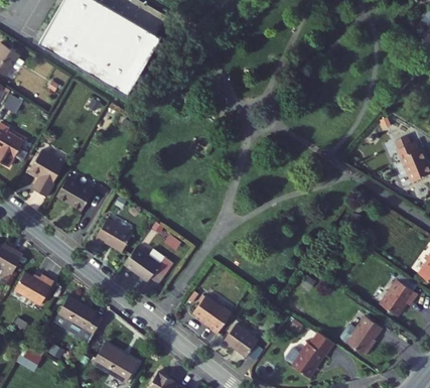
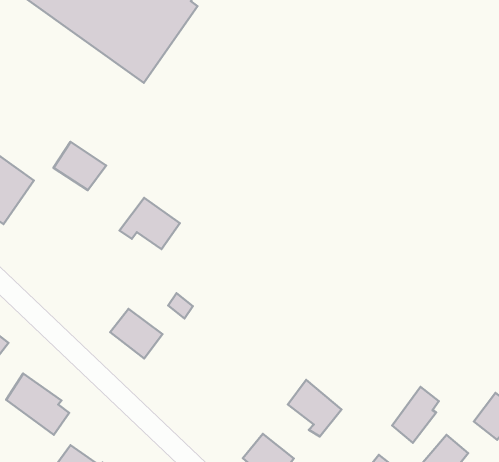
building: [56,177,93,210] -> [54,142,106,190]
building: [94,220,135,254] -> [119,198,180,249]
building: none -> [392,387,439,443]
building: [195,294,233,333] -> [288,380,341,437]

